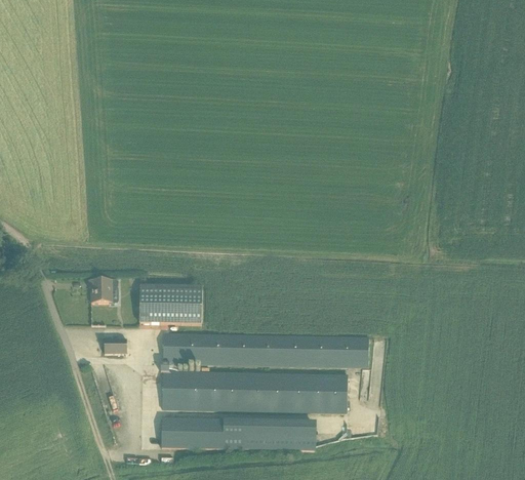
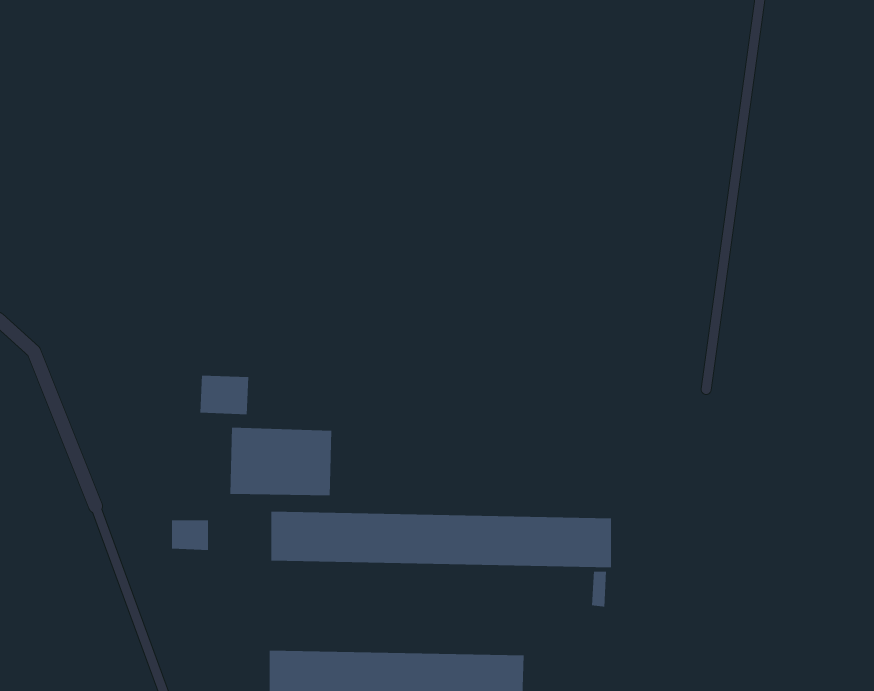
building: [89,283,119,307] -> [199,375,249,415]
building: [162,372,346,411] -> none

